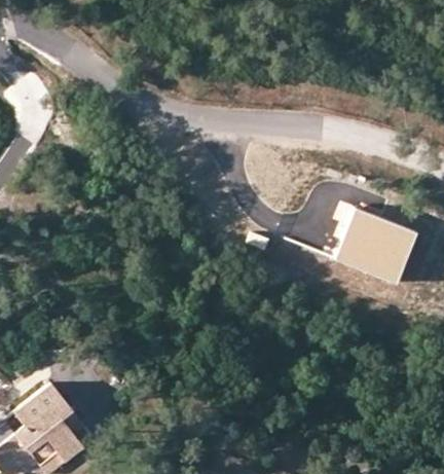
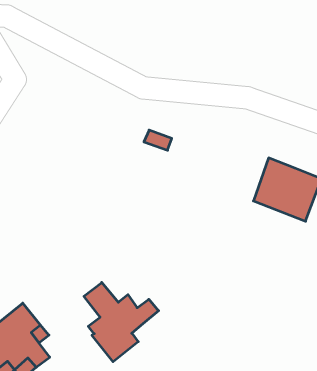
building: none -> [84,282,159,362]

